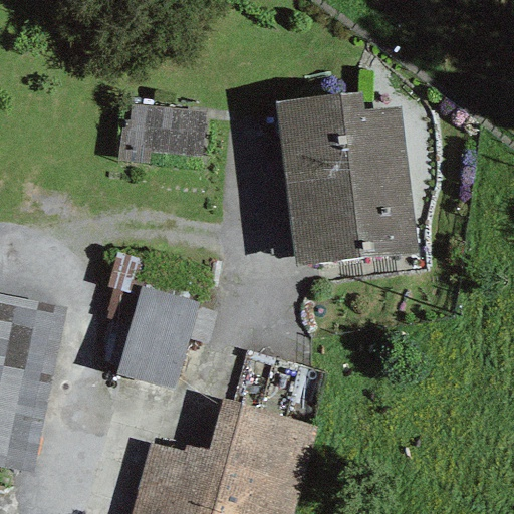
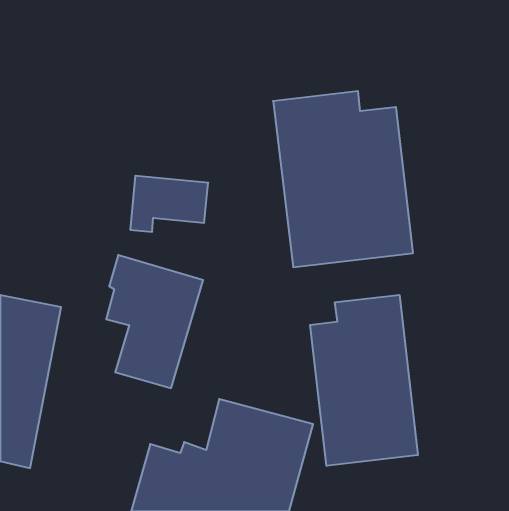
building: [126,105,205,162] -> [130,176,208,232]
building: none -> [310,295,418,466]

